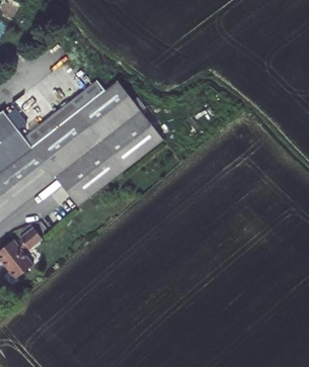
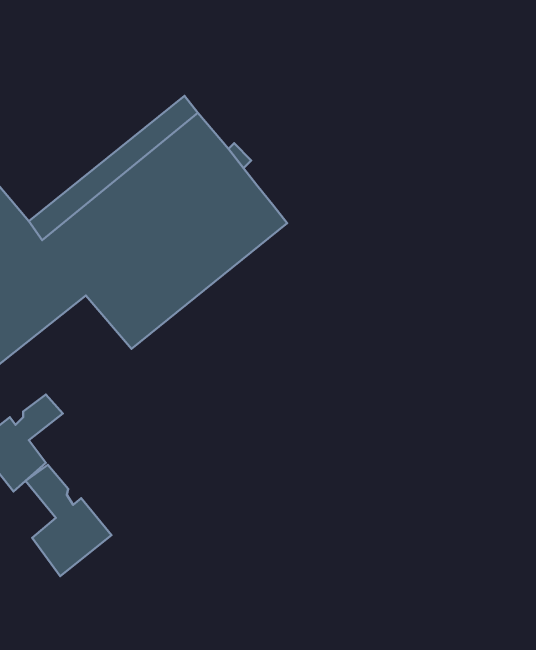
building: none -> [25,465,111,576]

